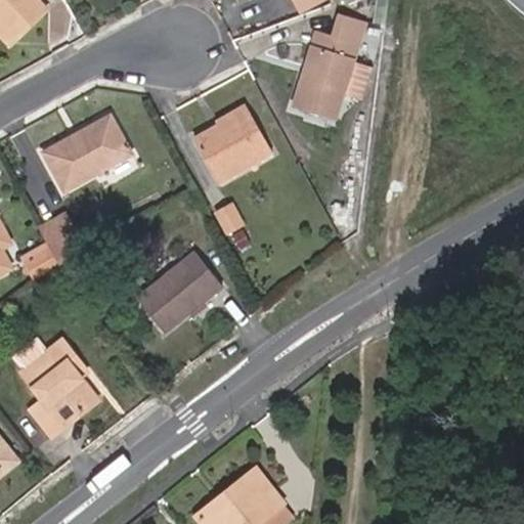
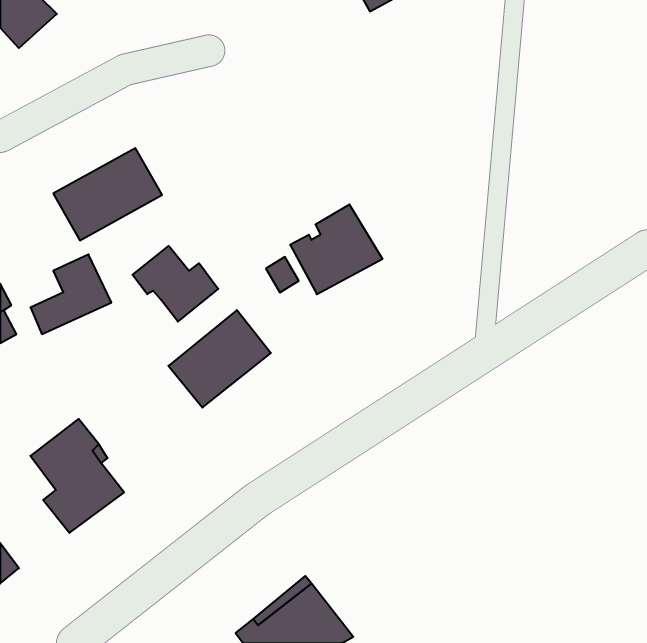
building: [294,20,359,118] -> none
building: [199,112,273,184] -> [290,204,383,294]
building: none -> [132,246,218,322]

